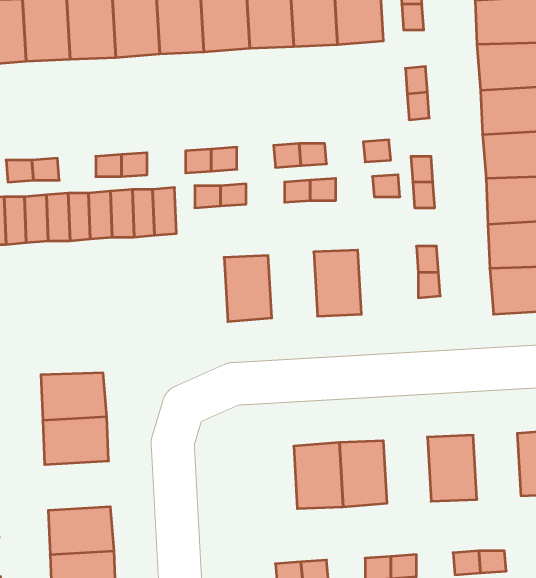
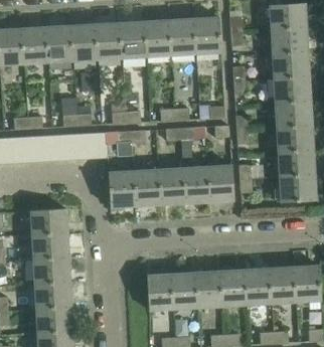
building: none -> [205,165,232,201]
building: none -> [156,167,183,203]
building: none -> [107,170,134,206]
building: none -> [29,207,65,234]
building: none -> [269,267,295,303]
building: none -> [219,269,246,305]
building: none -> [145,274,172,310]
building: none -> [33,282,69,309]

